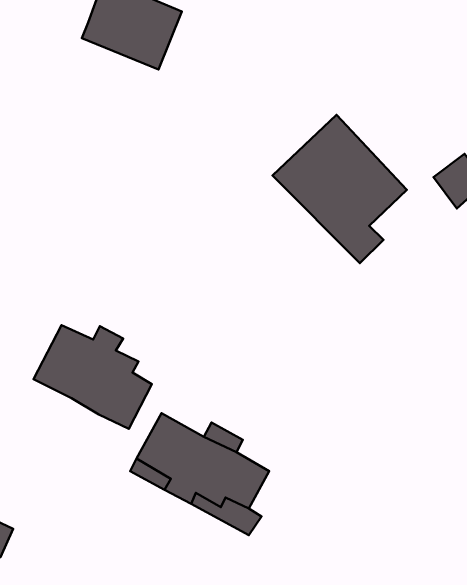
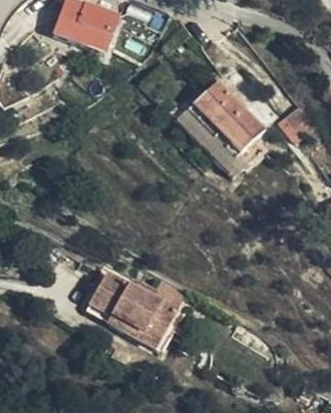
building: [34,325,152,429] -> none

